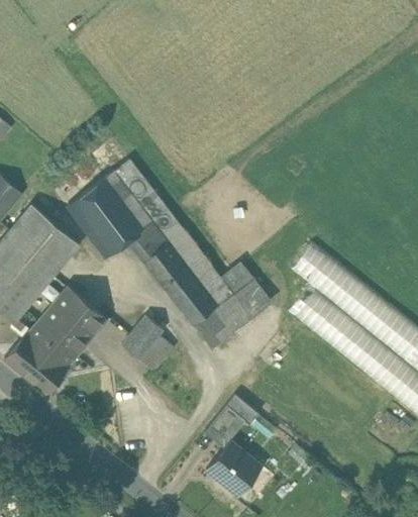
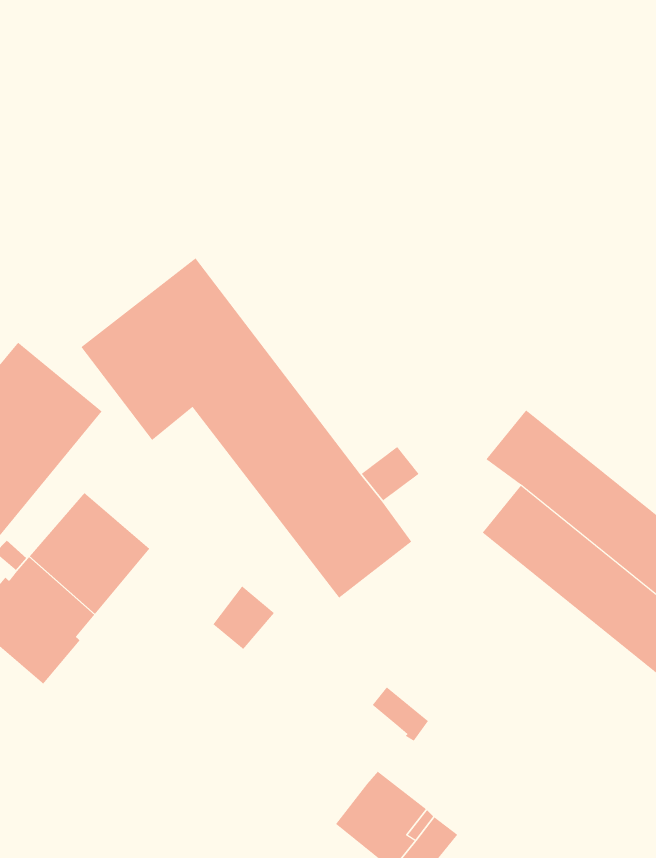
building: [233,277,273,318] -> none
building: [122,315,164,359] -> none
building: [205,404,240,447] -> none

